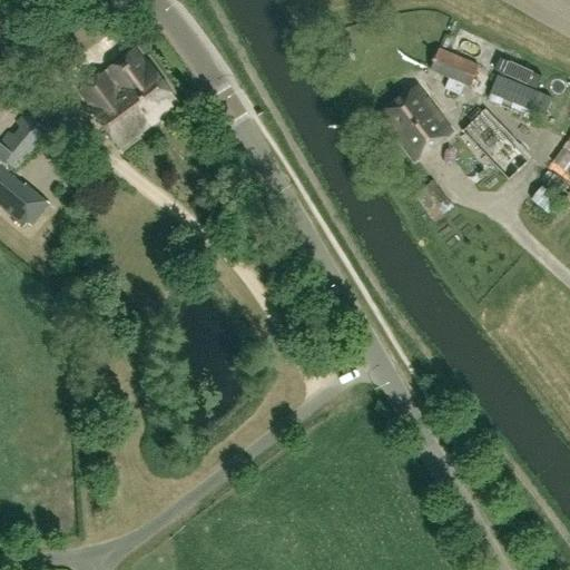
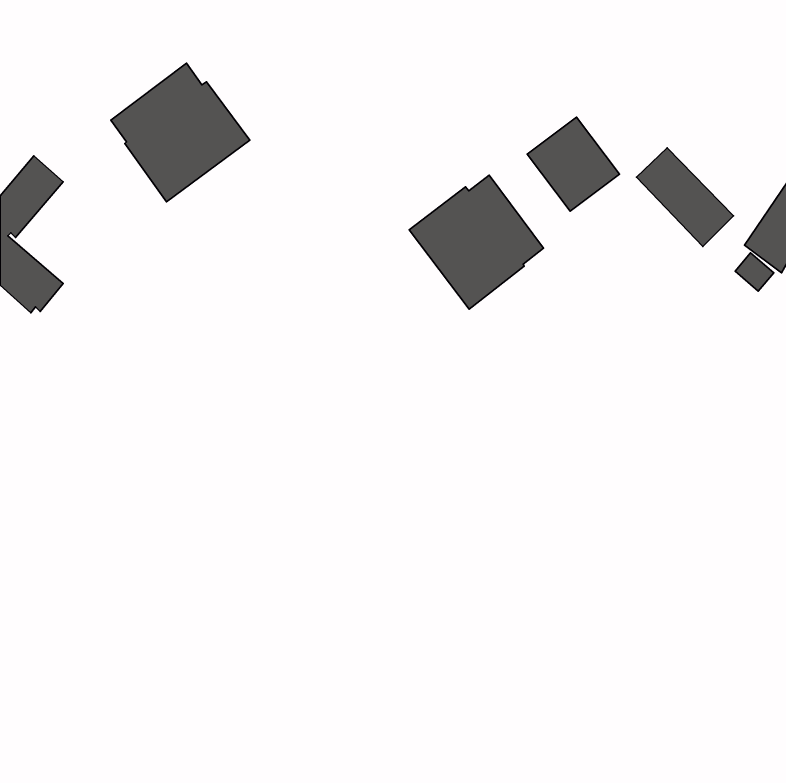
building: [431,45,480,92] -> none
building: [489,71,553,117] -> none
building: none -> [409,175,543,309]

